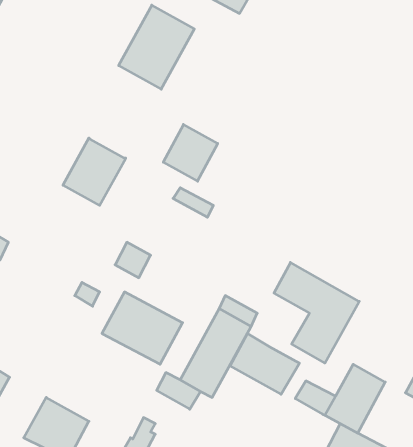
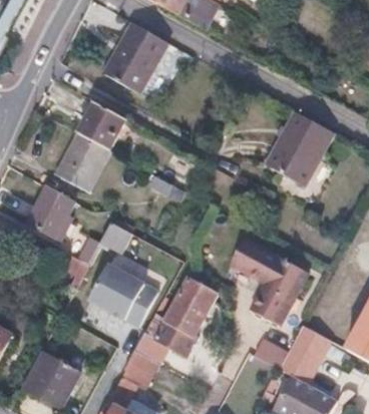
building: none -> [262,111,331,185]
building: [163,124,218,181] -> [78,103,124,151]
building: none -> [25,186,74,239]
building: [230,334,299,394] -> none
building: none -> [122,348,162,386]

